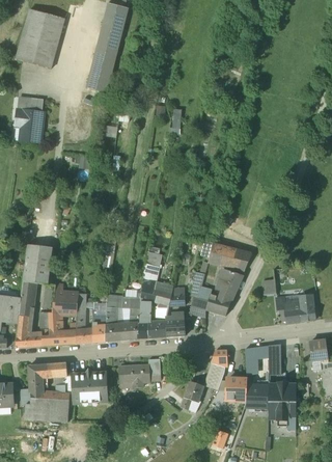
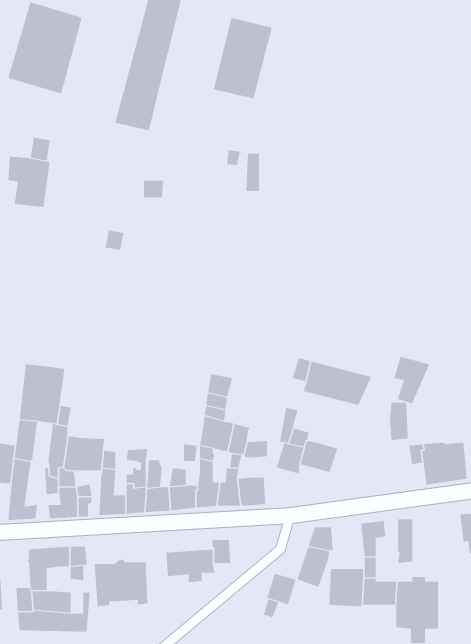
building: none -> [213,17,273,99]
building: [218,268,242,299] -> [393,356,430,404]

